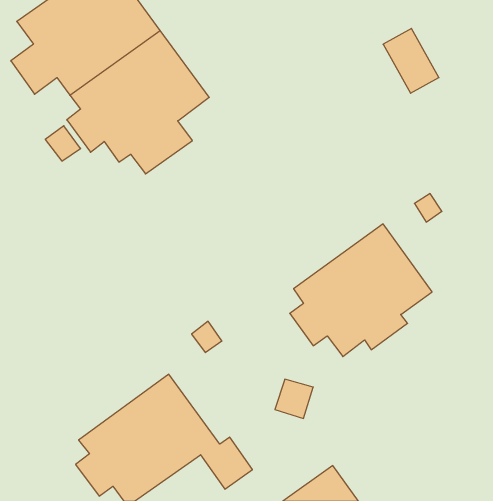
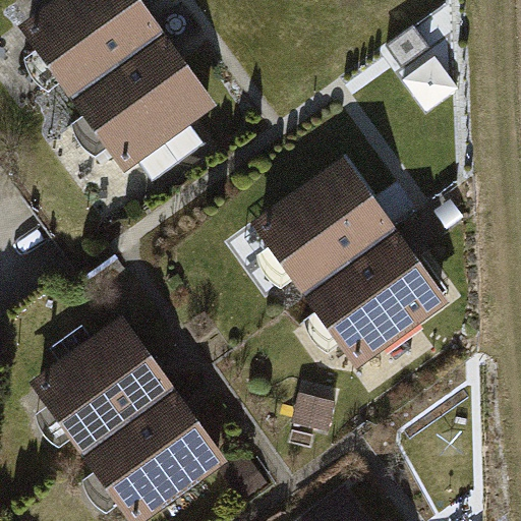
building: none -> [249,157,397,299]
building: none -> [26,312,175,456]

